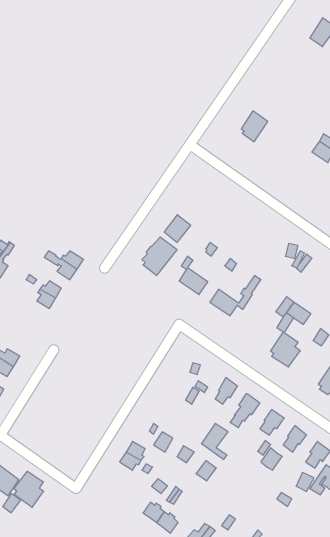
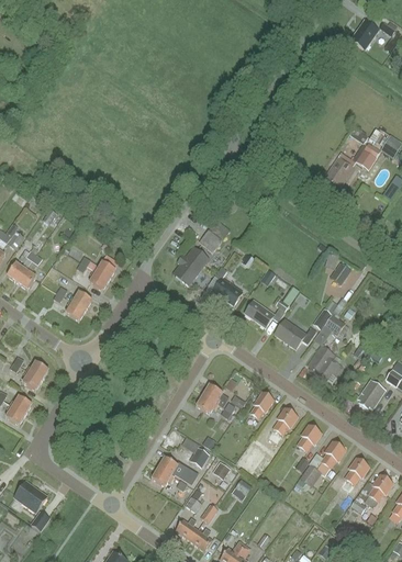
building: [241,111,268,142] -> [324,156,351,188]
building: none -> [276,318,317,348]
building: none -> [198,383,228,413]
building: [14,471,44,508] -> none

